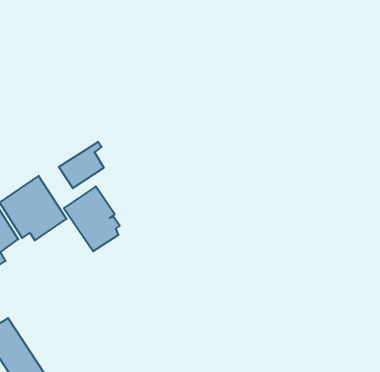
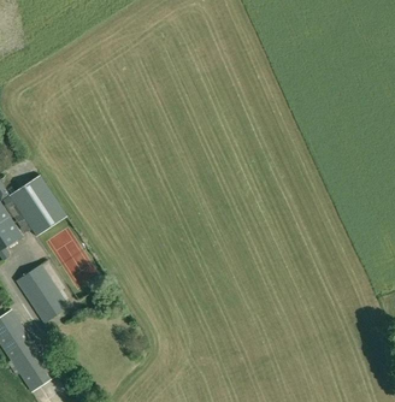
building: [59,142,104,188] -> none
building: [64,186,120,251] -> [16,260,69,321]

